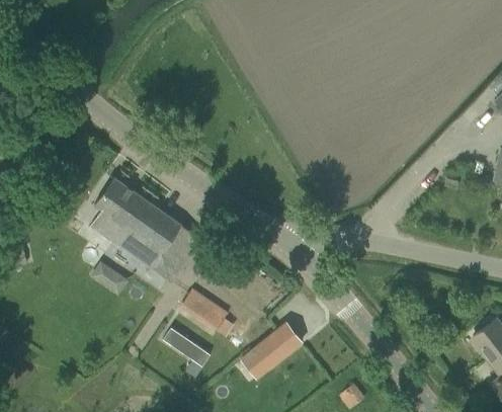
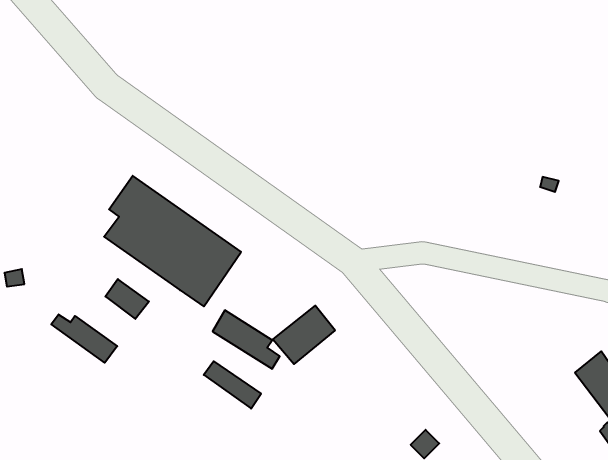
building: none -> [51,314,117,363]
building: [251,322,302,369] -> [273,306,335,364]

